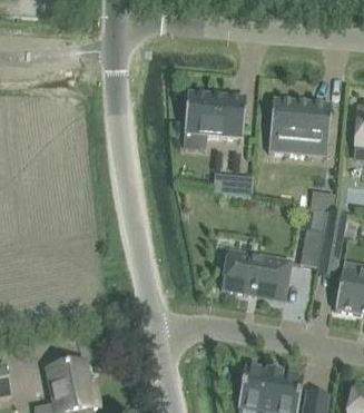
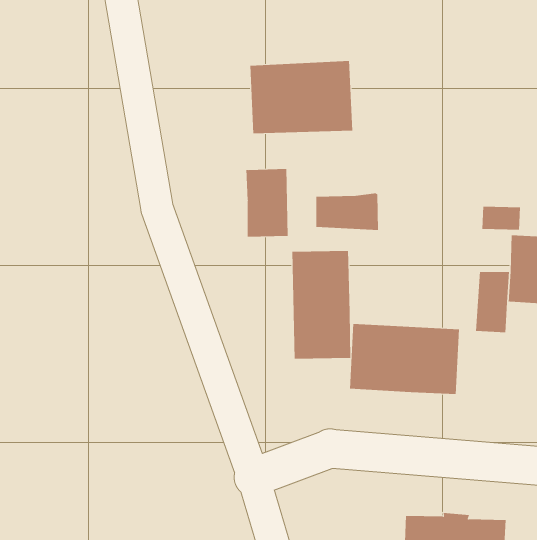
building: [268,99,332,156] -> none
building: none -> [246,168,288,238]
building: none -> [292,250,351,360]

